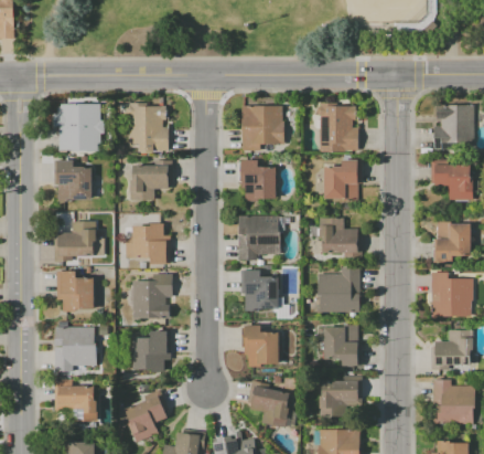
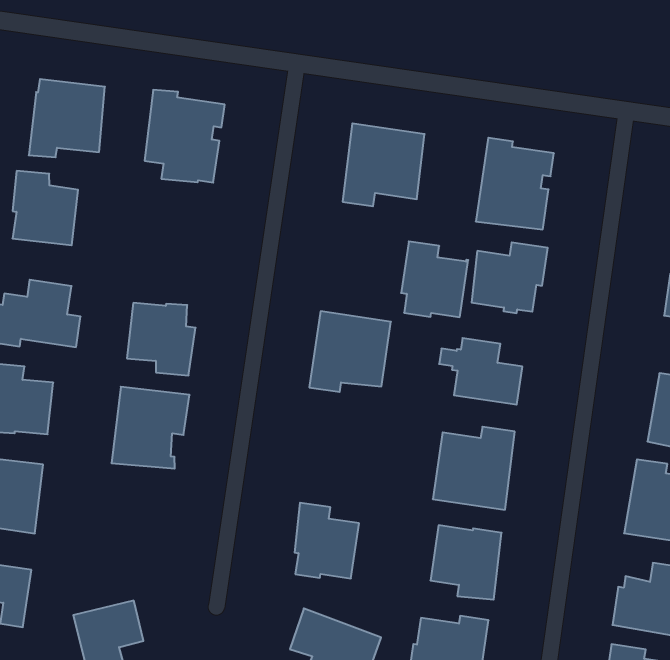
building: [239,160,275,201] -> [401,241,468,317]
building: [129,165,166,201] -> none
building: [244,271,277,312] -> none
building: [131,330,171,370] -> none

